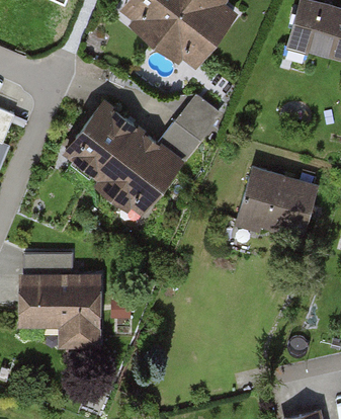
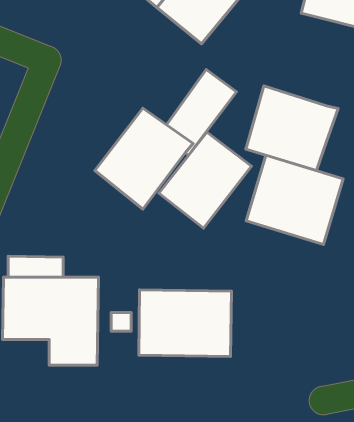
building: [64,97,144,180] -> [159,132,251,228]
building: none -> [246,86,338,170]
building: none -> [139,290,231,356]

